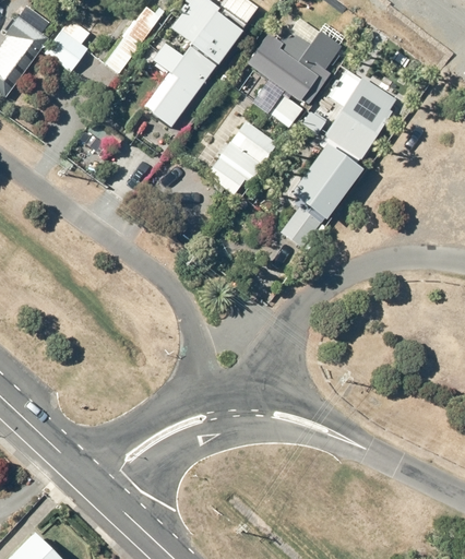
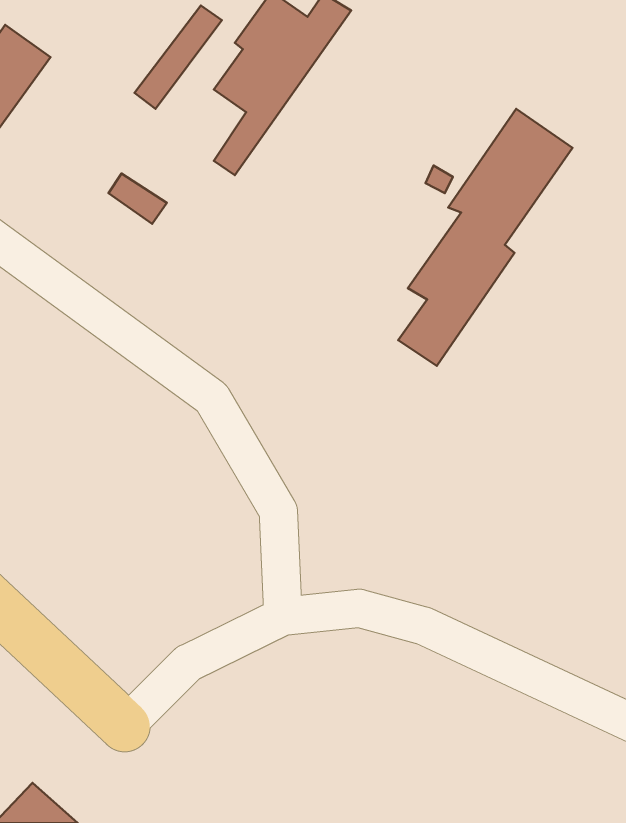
building: [47,19,93,72] -> none
building: [242,28,335,127] -> none
building: [204,121,276,199] -> none

